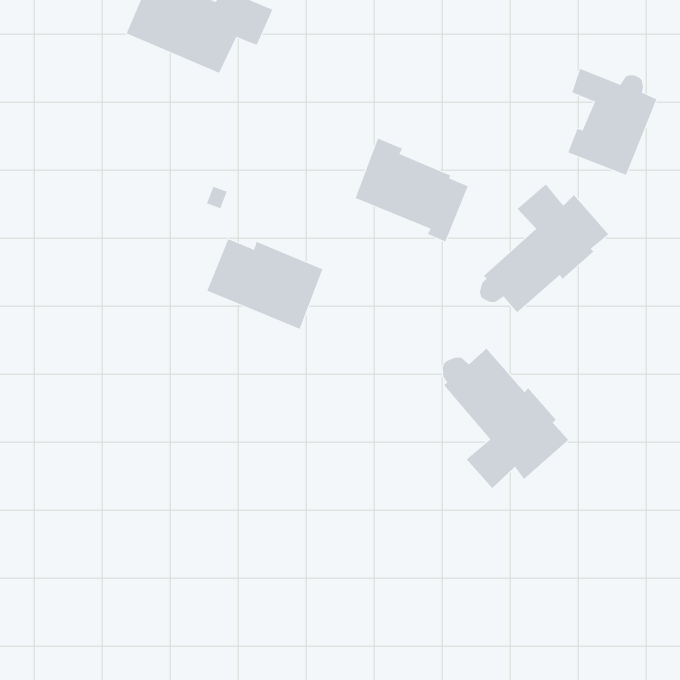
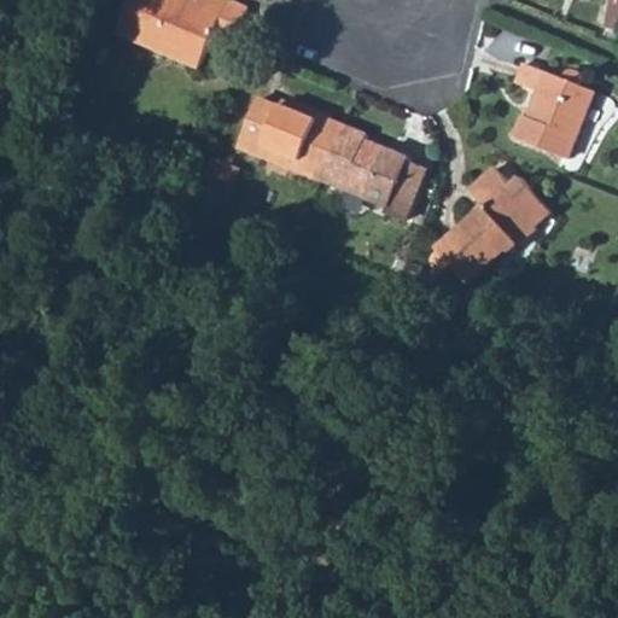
building: [207,238,323,330] -> [235,97,340,179]
building: [442,348,569,489] -> none

